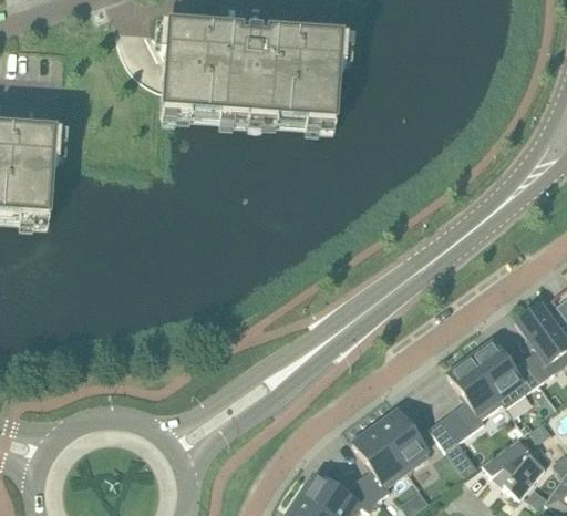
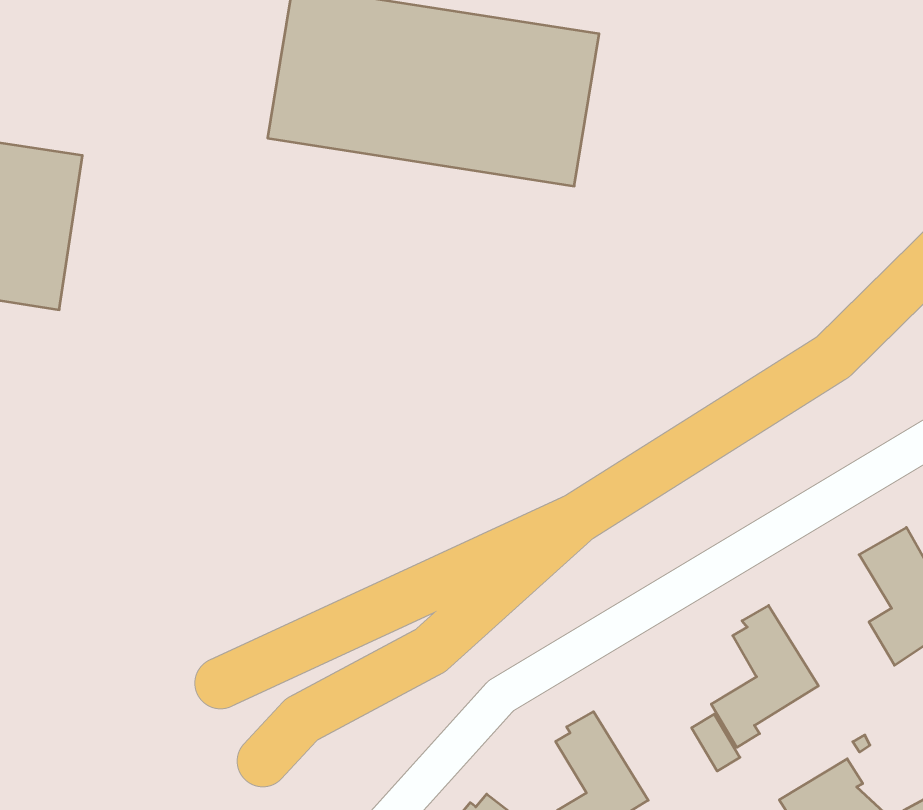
building: [470,340,543,405] -> none
building: [374,409,432,469] -> none

